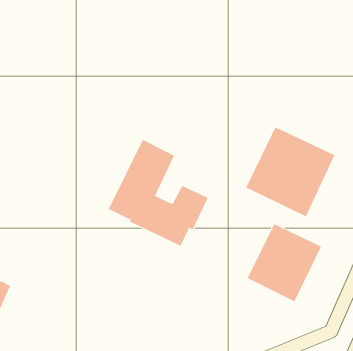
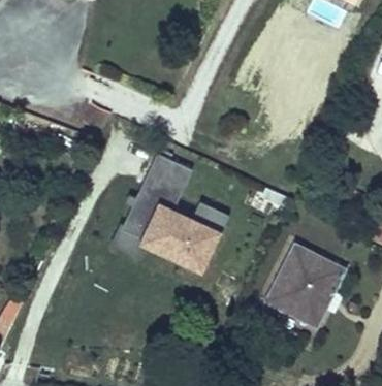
building: [245,127,335,217] -> none

